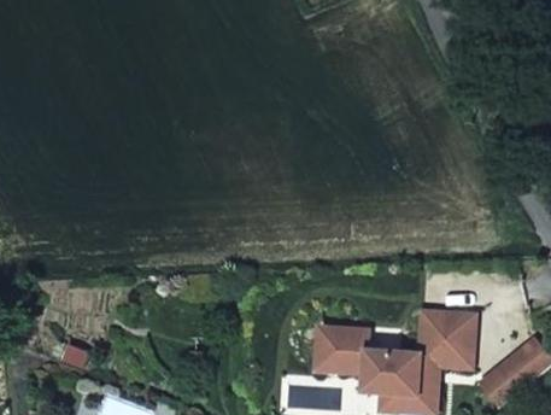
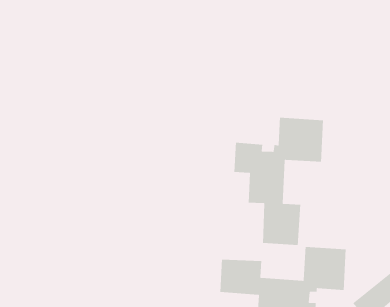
building: none -> [234,117,324,246]

